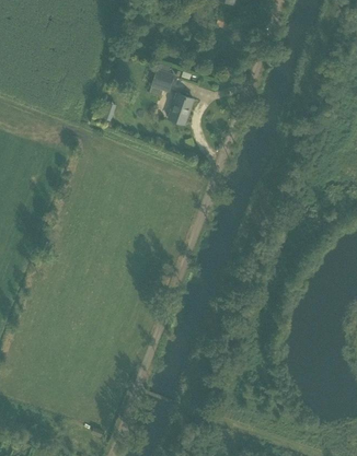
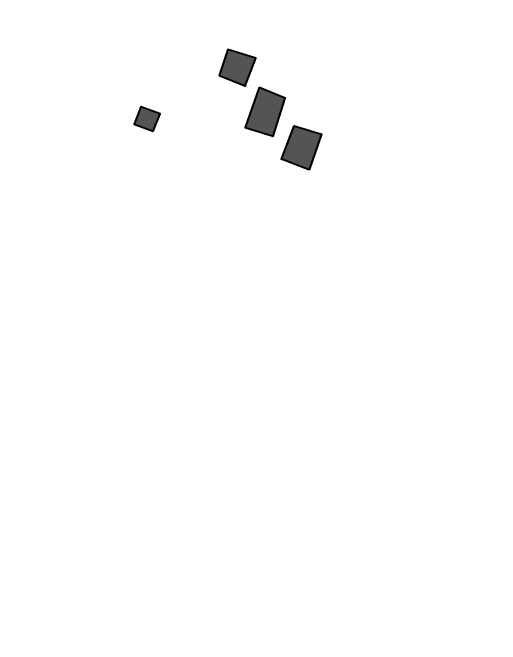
building: none -> [281,126,321,170]

